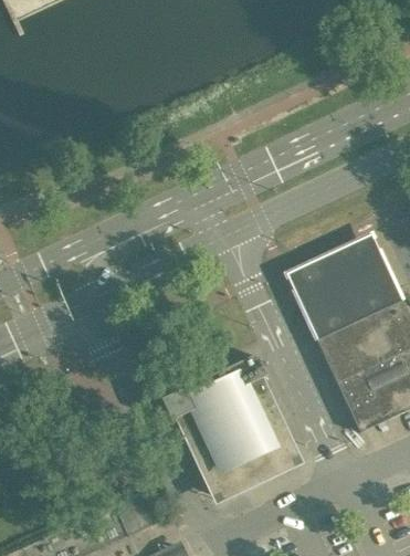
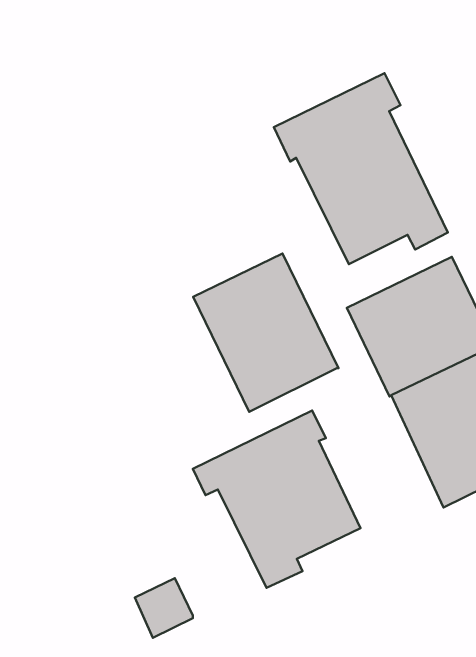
building: none -> [274,73,448,264]
building: none -> [193,253,338,412]

